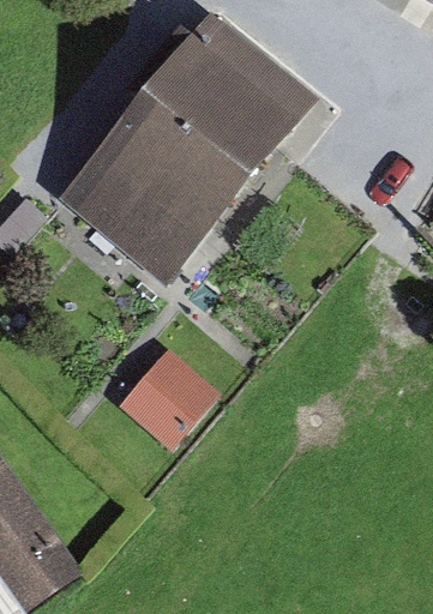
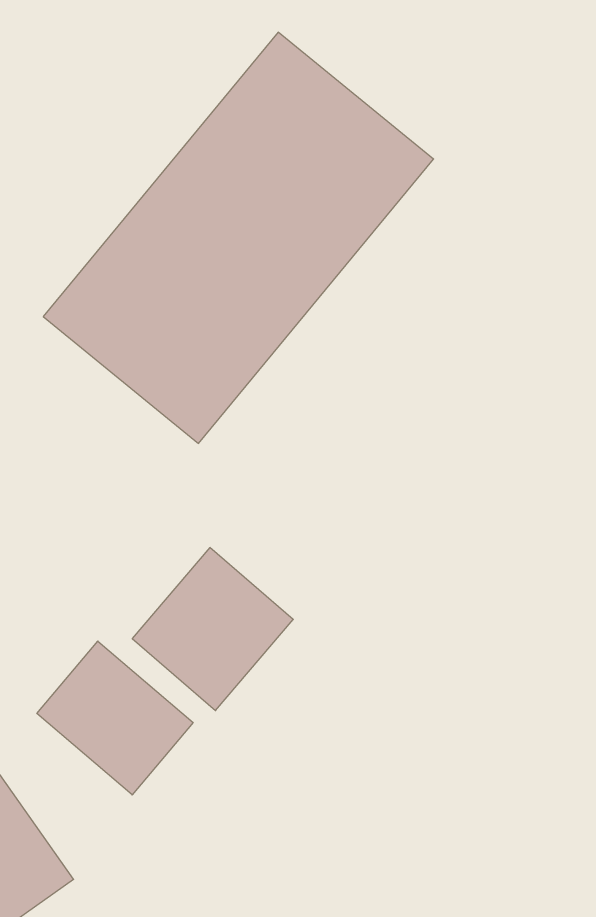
building: none -> [37,641,193,795]

